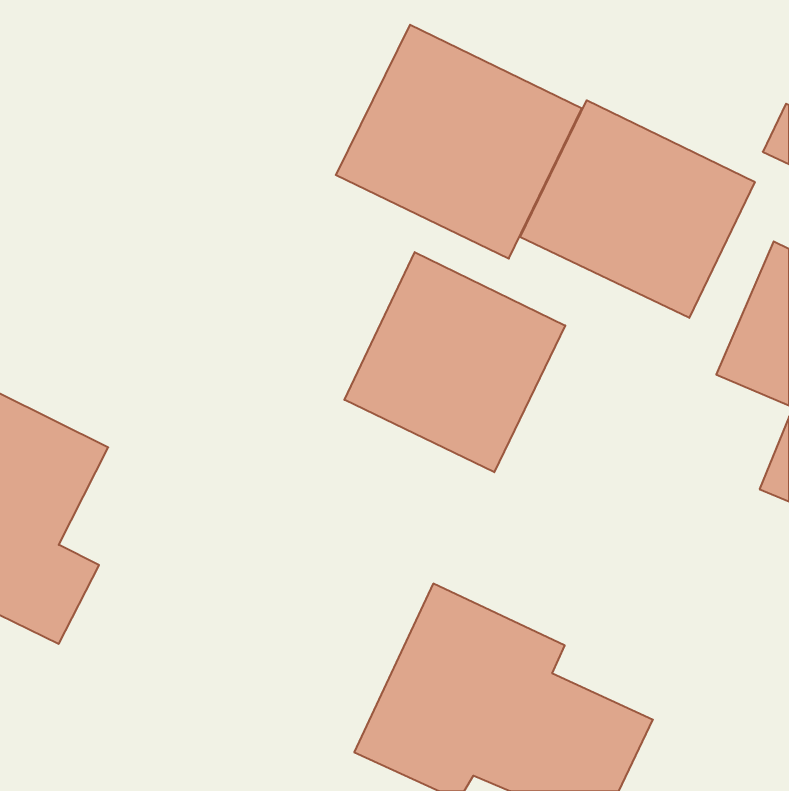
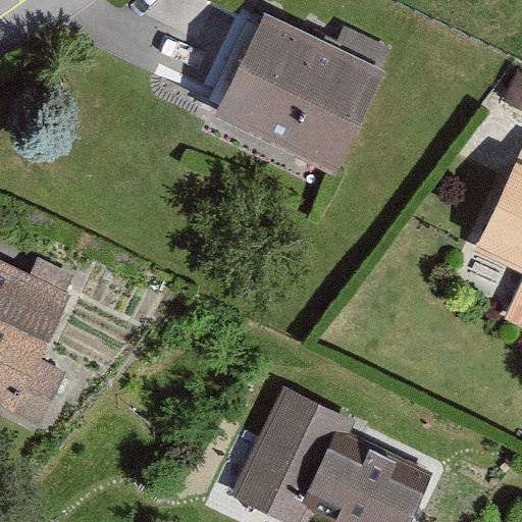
building: [520,100,755,318] -> none
building: [344,252,565,472] -> none

